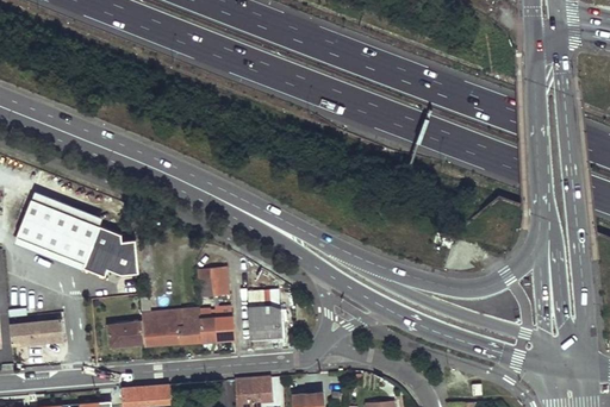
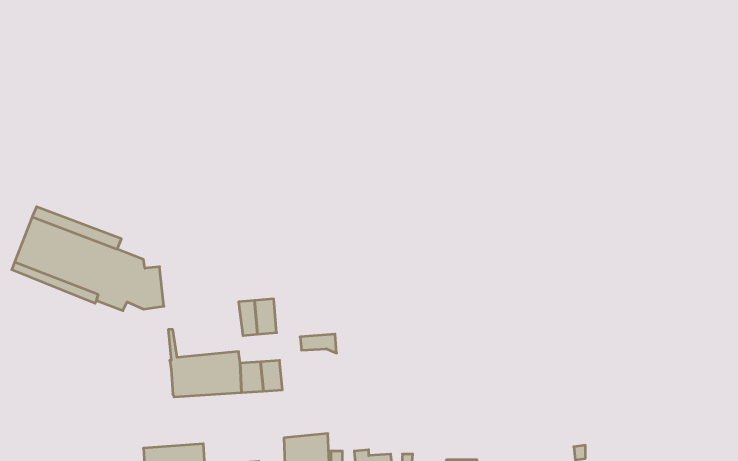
building: [249,307,280,338] -> none
building: [11,309,64,345] -> none
building: [108,324,144,347] -> none

